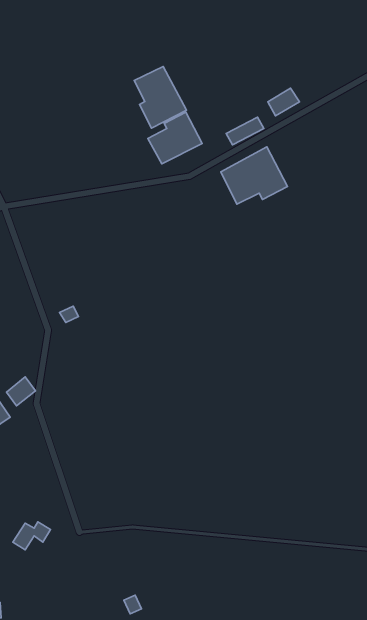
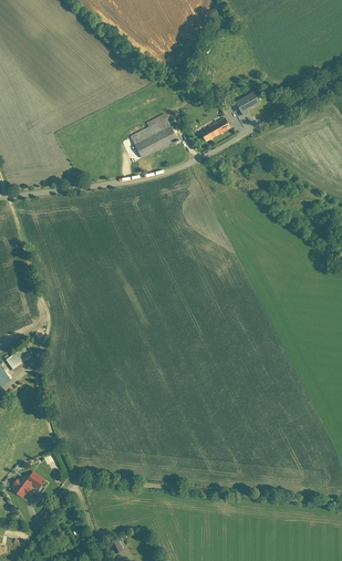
building: [134,66,187,128] -> none
building: [221,147,287,204] -> none

